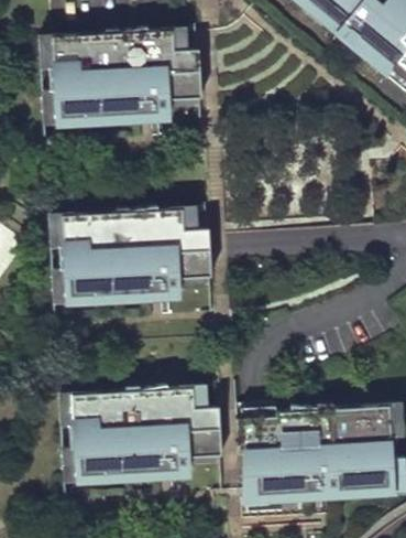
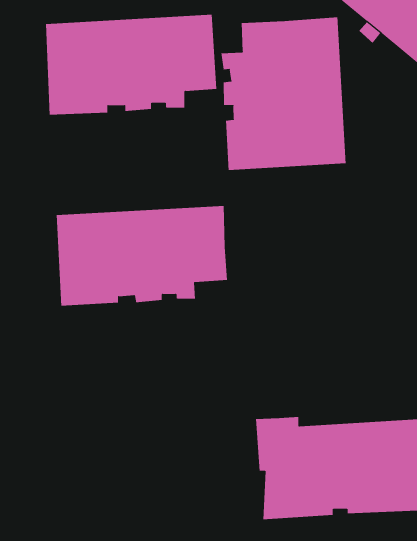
building: none -> [221,17,346,171]
building: [62,388,222,482] -> none

